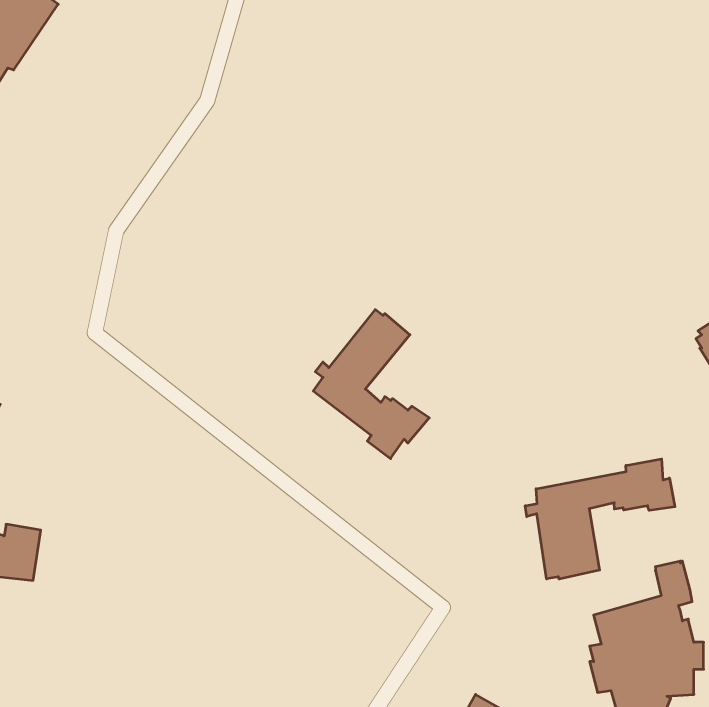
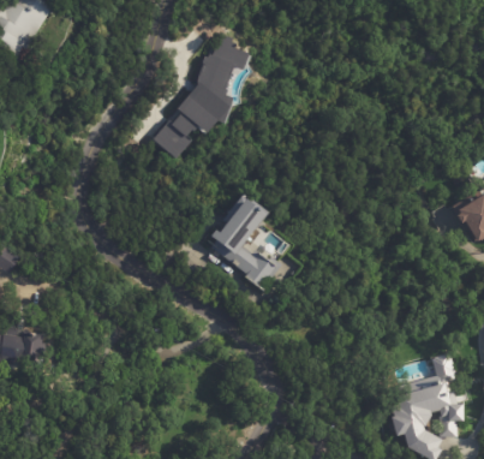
building: none -> [151,34,245,157]
building: [525,459,675,579] -> none

